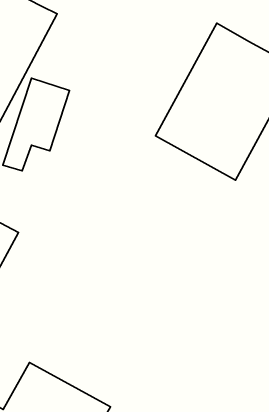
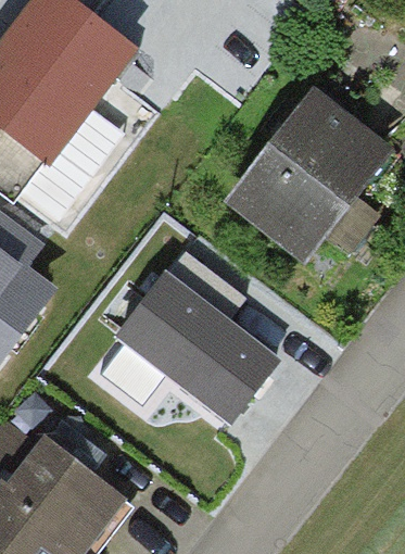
building: none -> [121,275,279,420]

